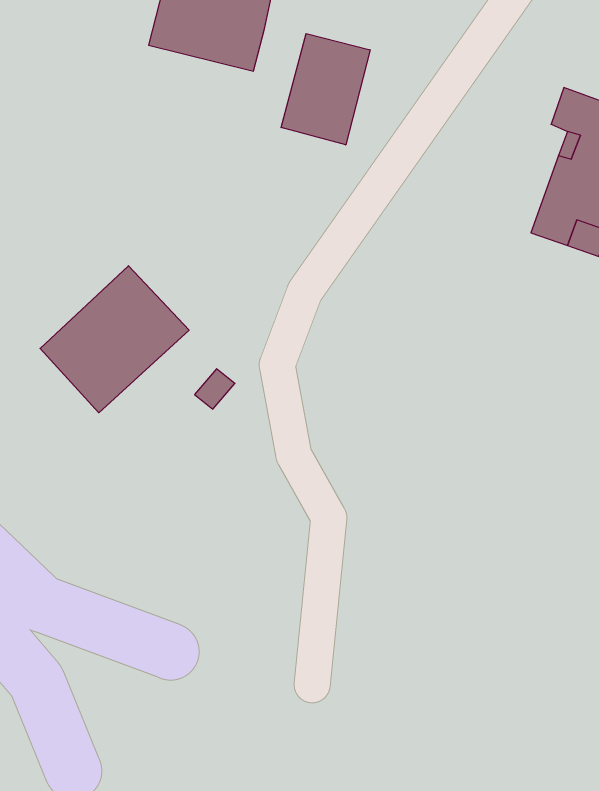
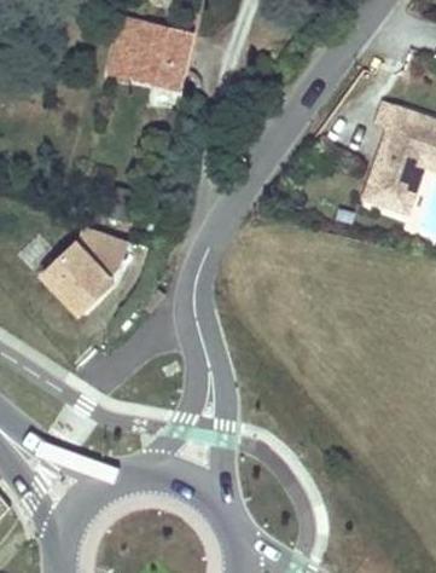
building: [281,34,370,145] -> none

